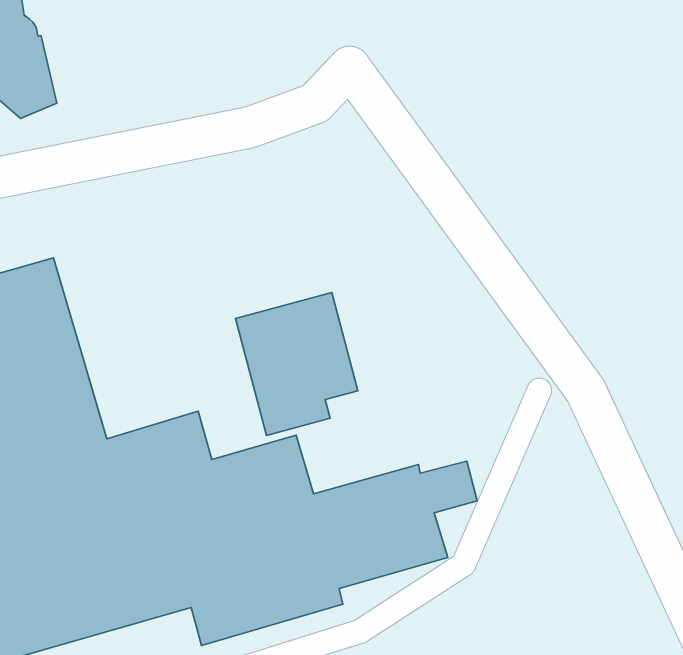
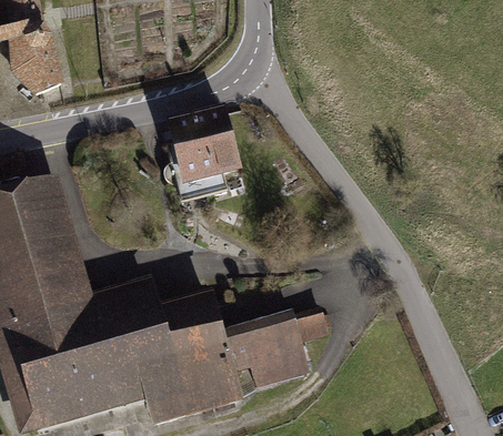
building: [236,293,358,436] -> [164,105,243,197]

